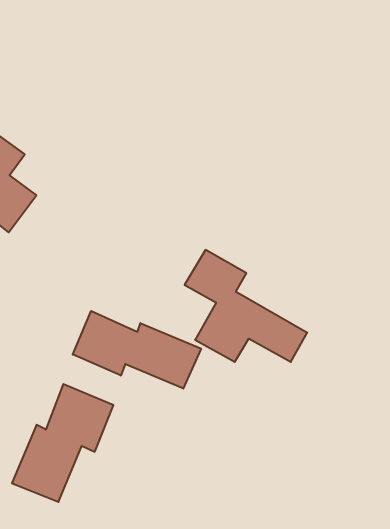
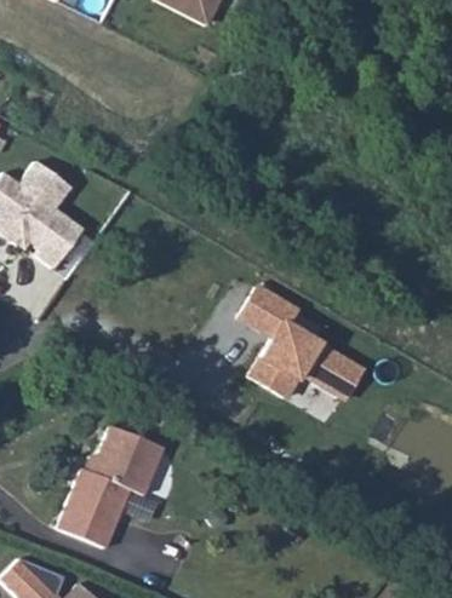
building: [73,311,201,389] -> none

